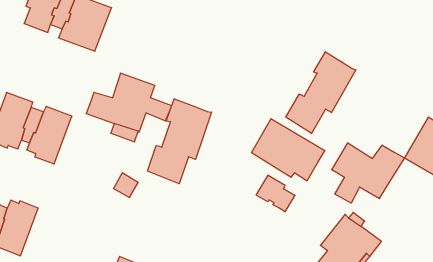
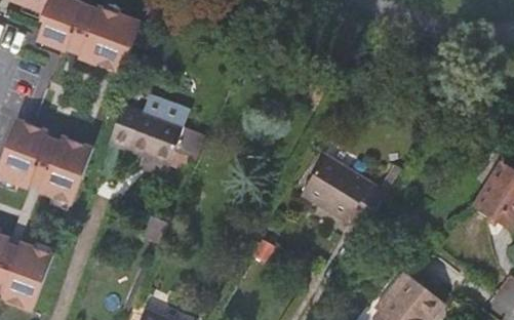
building: [286,52,356,134] -> none
building: [147,99,212,184] -> none
building: [332,143,404,203] -> none
building: [256,175,295,212] -> none

